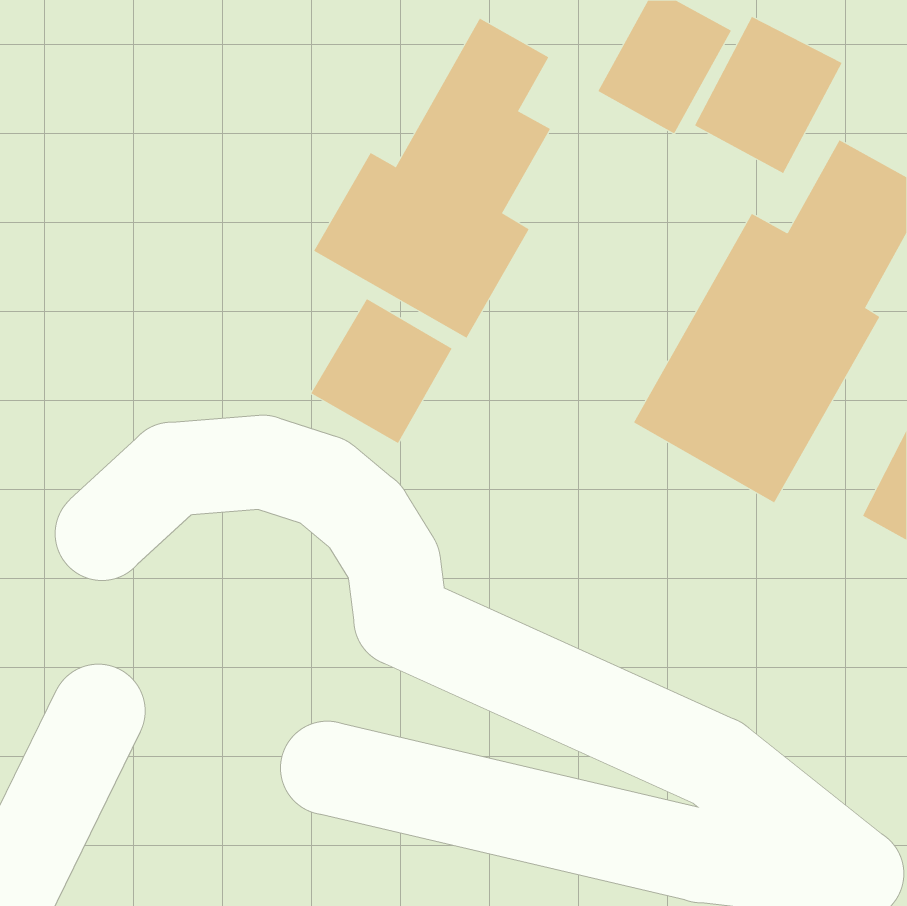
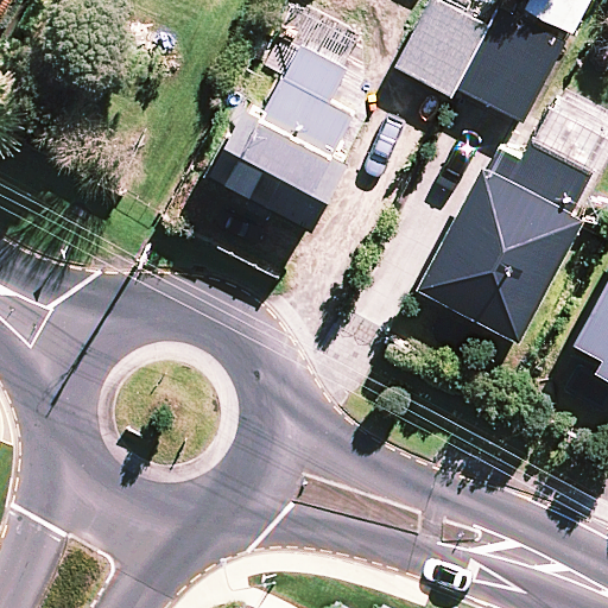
building: [310,298,452,444] -> none

